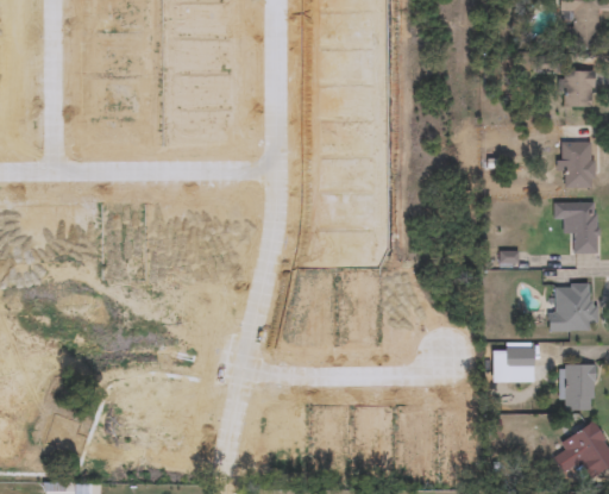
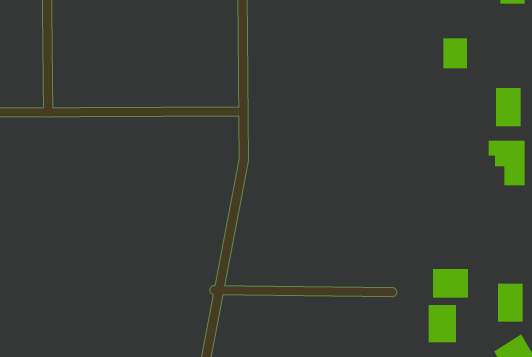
building: [565,71,594,107] -> [443,38,468,69]
building: [553,284,596,332] -> none
building: none -> [428,304,457,343]

